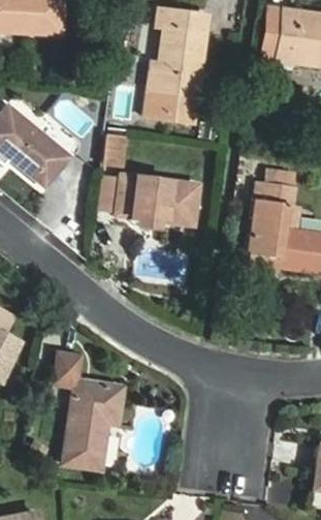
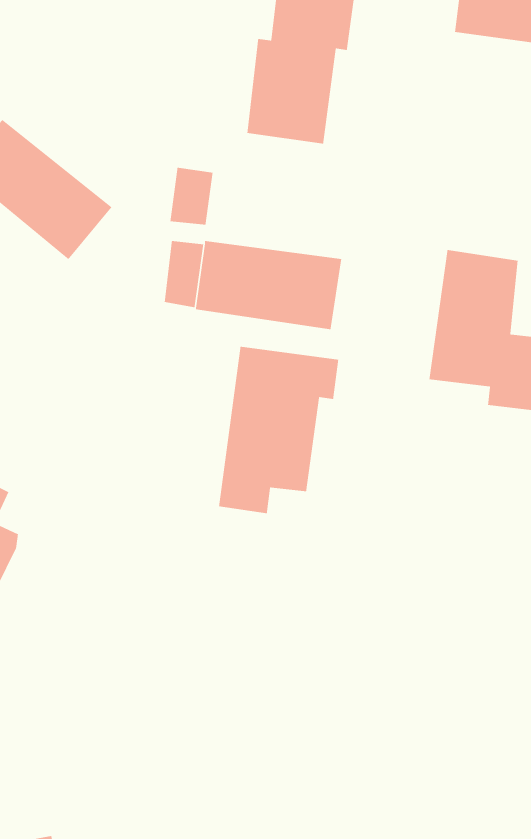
building: none -> [218,346,339,514]
building: [54,353,123,468] -> none

